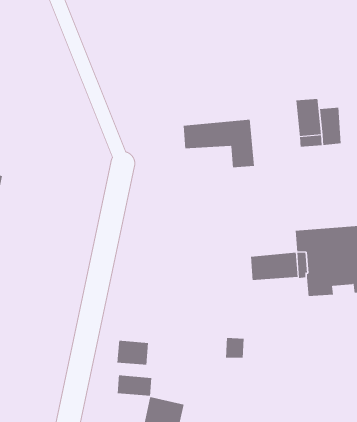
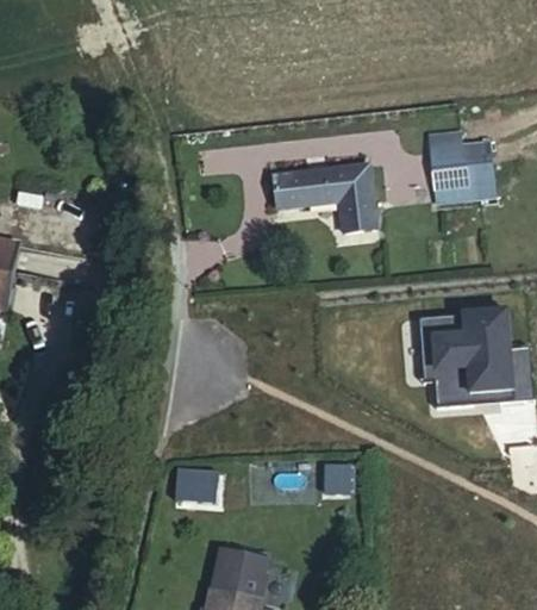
building: [250,252,298,281] -> none
building: [117,374,152,397] -> none

